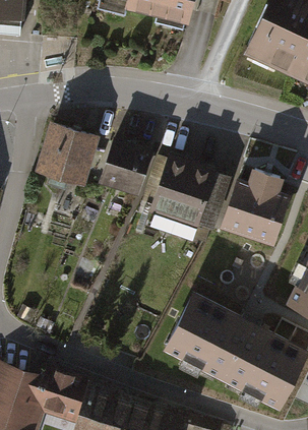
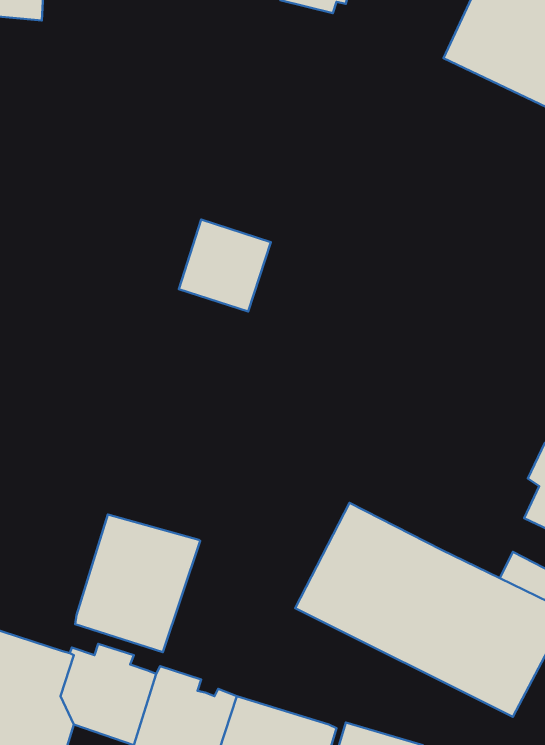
building: [40,124,95,188] -> none
building: [145,158,227,239] -> none
building: [223,170,287,240] -> none
building: none -> [75,515,200,652]

